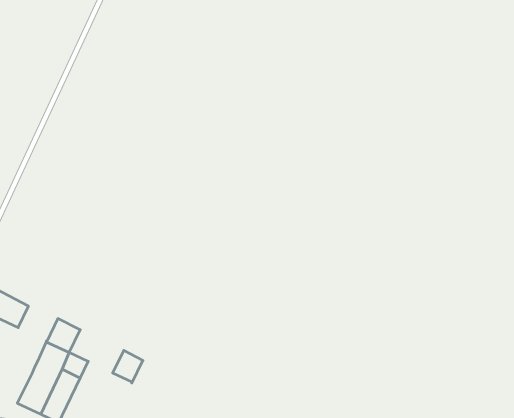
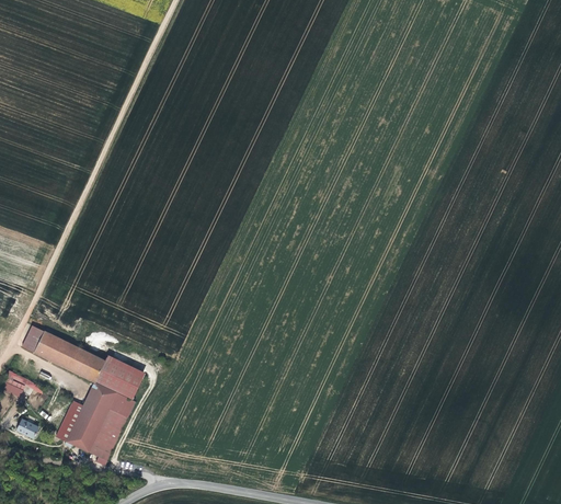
building: none -> [65,346,102,380]
building: [113,350,143,383] -> [114,369,144,401]

